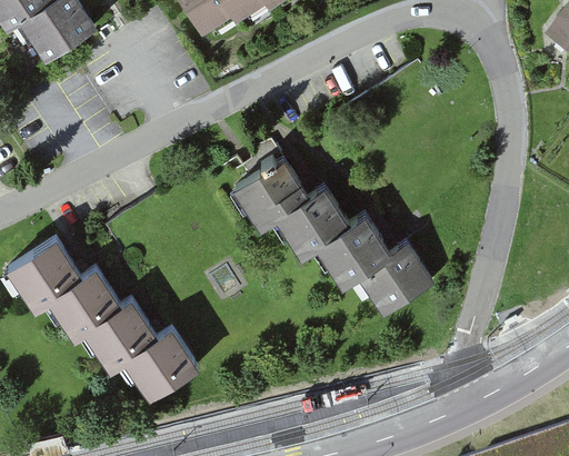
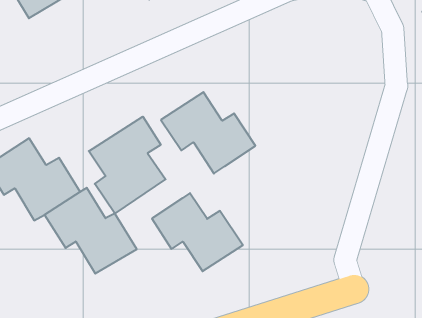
building: none -> [89,117,166,213]
building: [307,211,422,308] -> [152,193,243,271]

